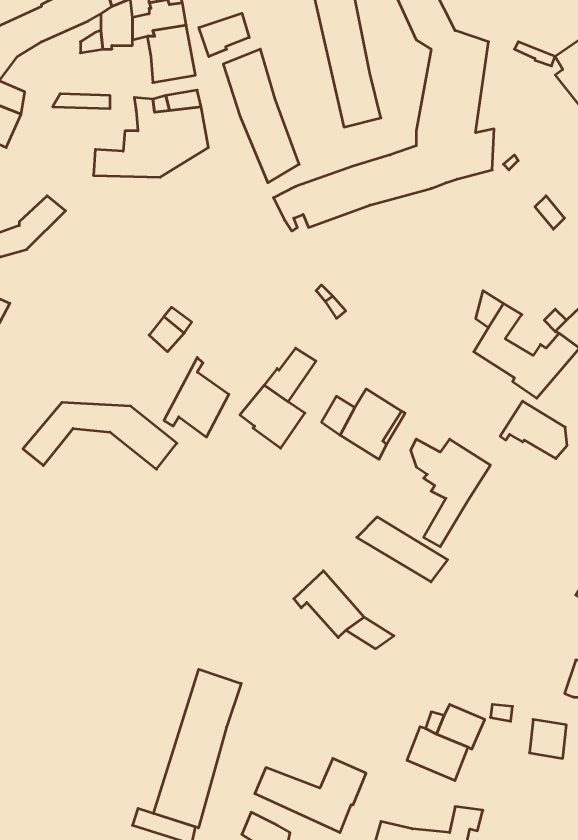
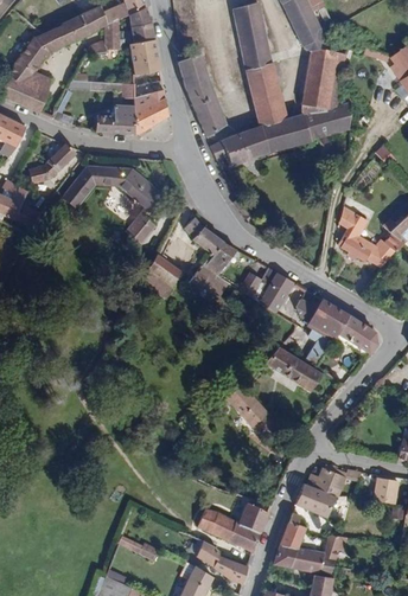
building: [199,13,249,57] -> none
building: none -> [255,95,285,126]
building: none -> [185,217,224,256]
building: [500,401,567,459] -> [334,316,377,353]
building: [23,402,177,469] -> [64,167,162,210]
building: [154,669,241,828] -> none
building: none -> [279,514,306,549]

